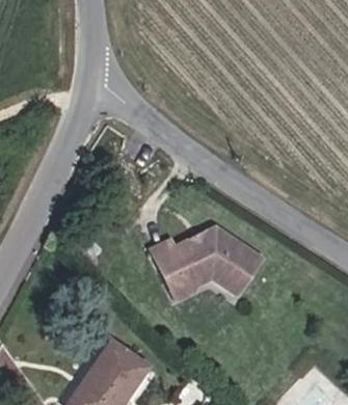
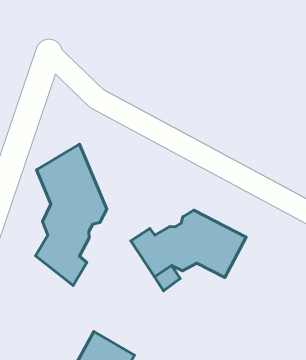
building: none -> [36,144,107,285]

